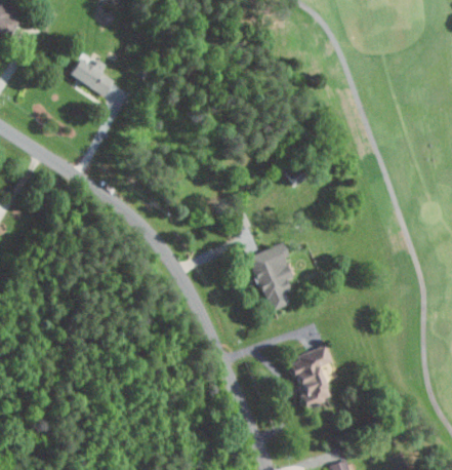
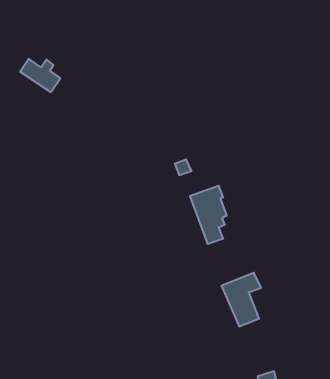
building: [68,57,115,96] -> [20,59,60,92]

